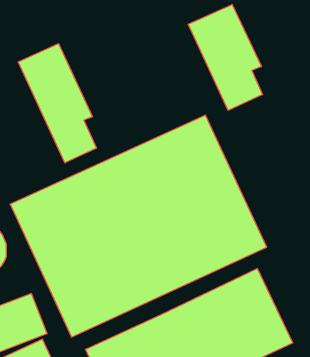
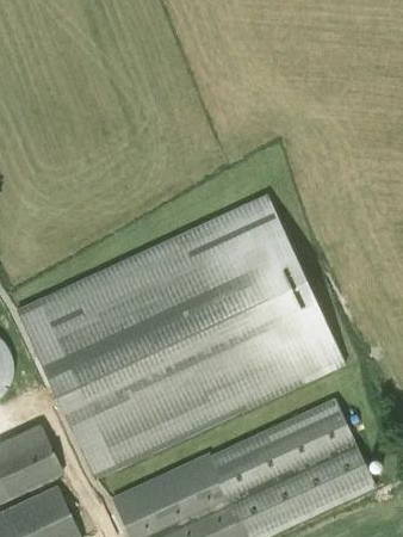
building: [188,4,263,110] -> none
building: [18,44,96,163] -> none

